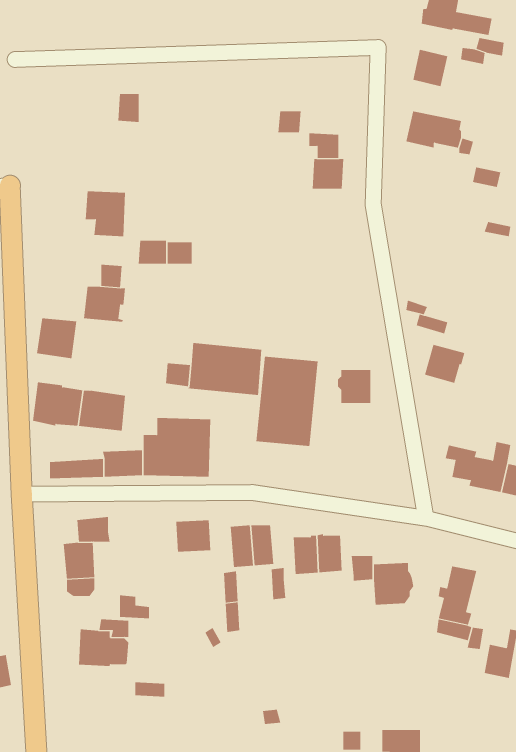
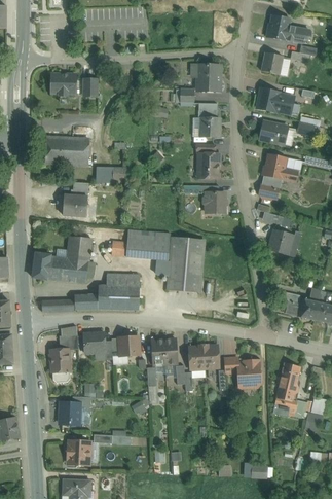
building: none -> [191,64,221,91]
building: none -> [51,73,76,95]
building: none -> [259,120,288,144]
building: none -> [46,136,70,164]
building: none -> [197,150,220,178]
building: none -> [259,153,298,200]
building: [36,318,77,359] -> [67,236,91,260]
building: [337,369,371,404] -> [205,191,225,212]
building: none -> [83,331,106,353]
building: none -> [68,439,90,464]

